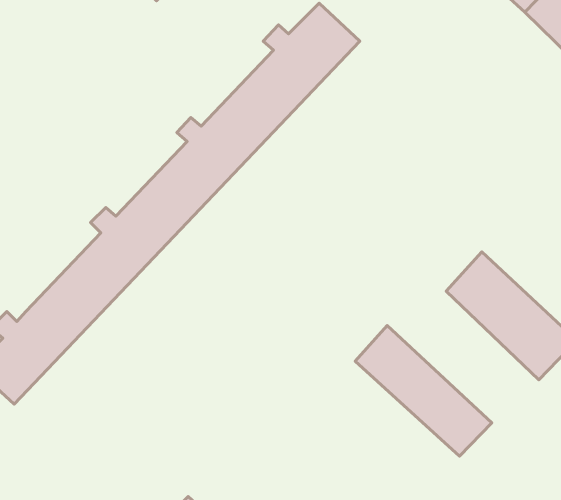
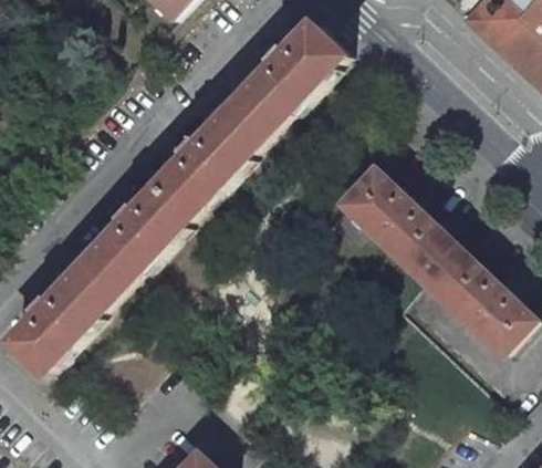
building: none -> [344,167,450,272]
building: [355,325,492,456] -> none

